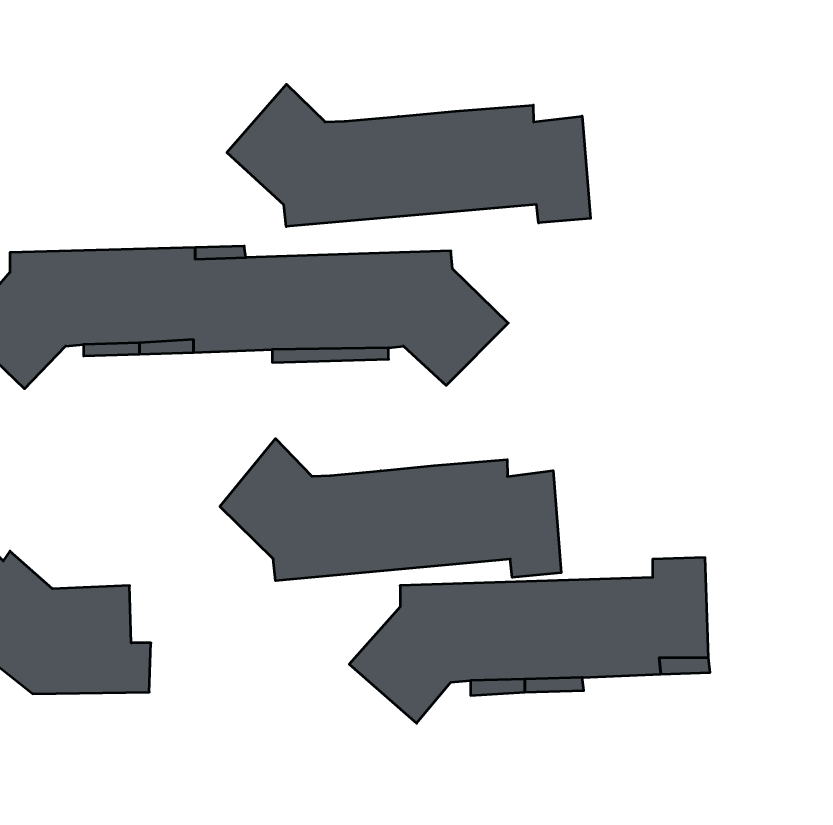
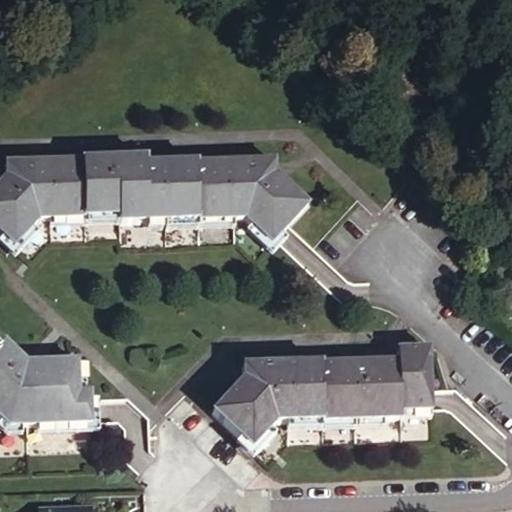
building: [227,84,591,227] -> none
building: [220,439,561,581] -> none

